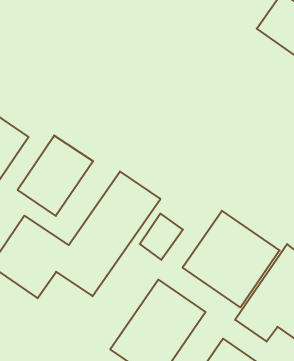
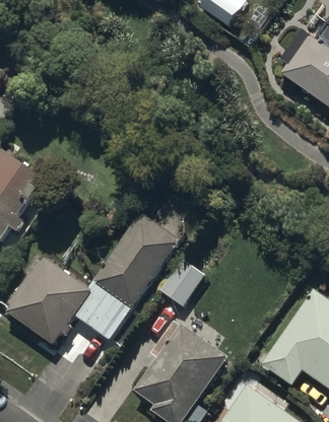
building: [18,135,93,216] -> none
building: [183,211,280,307] -> none

